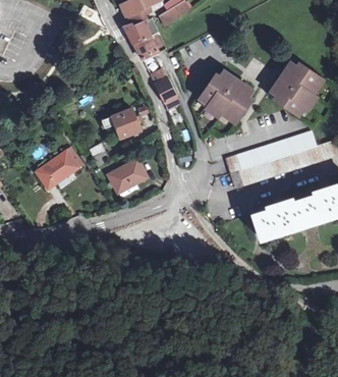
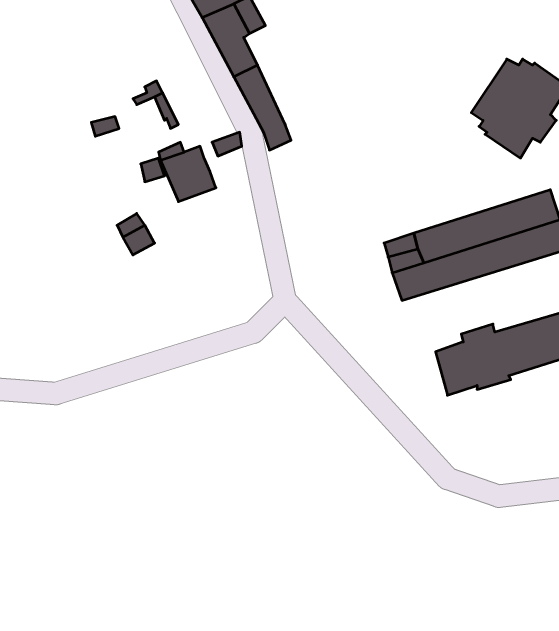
building: [203,70,254,120] -> none
building: [34,149,77,187] -> none
building: [108,158,148,193] -> none

